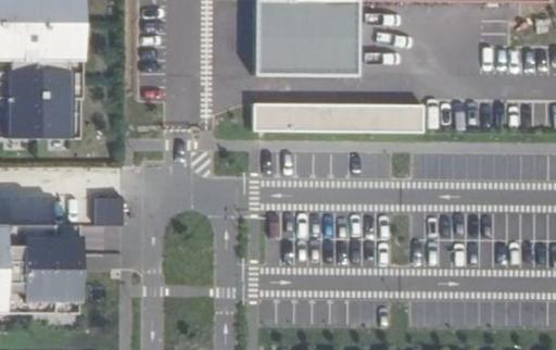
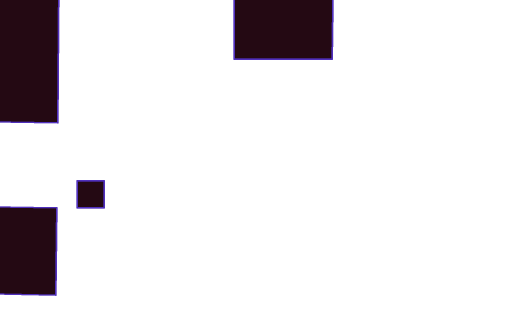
building: [255,102,426,132] -> none

